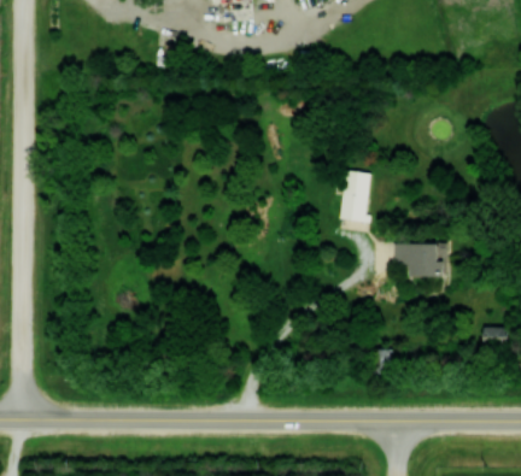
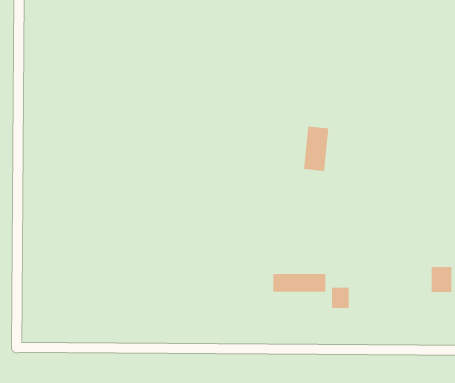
building: [394,243,441,277] -> none
building: none -> [273,273,326,293]

